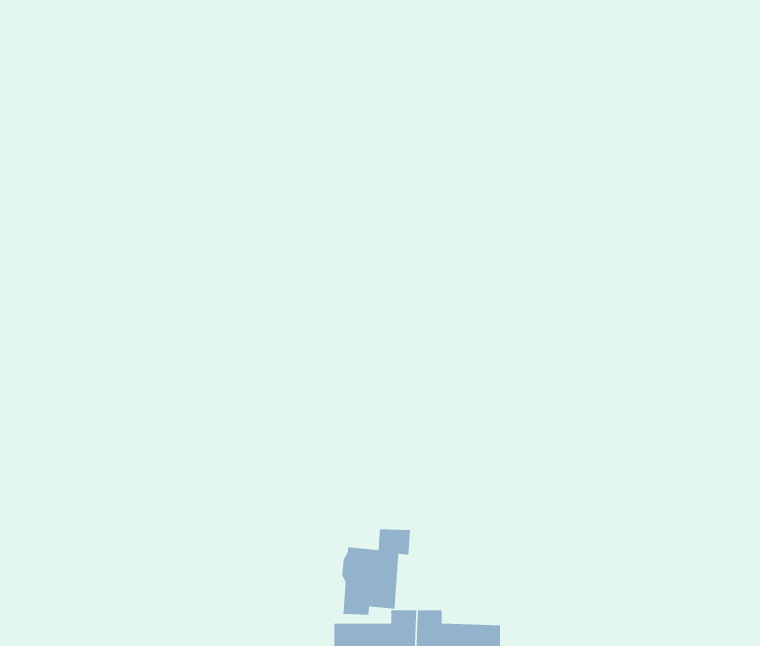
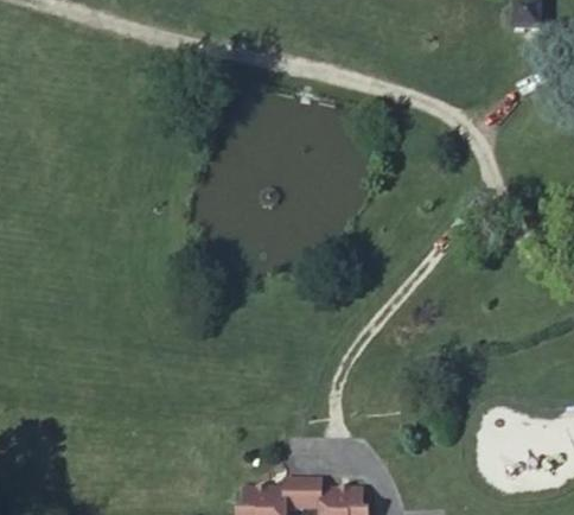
building: [342,528,411,615] -> none

